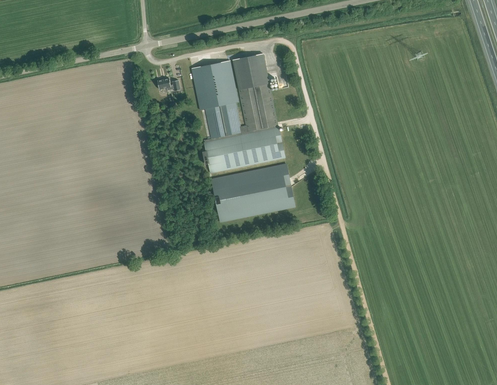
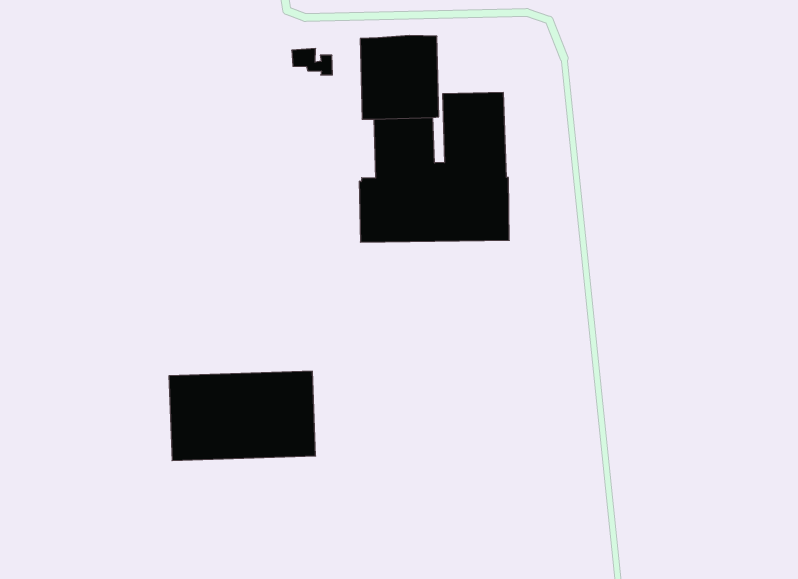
building: [231,53,268,89] -> none
building: [211,163,293,221] -> [169,371,316,461]

